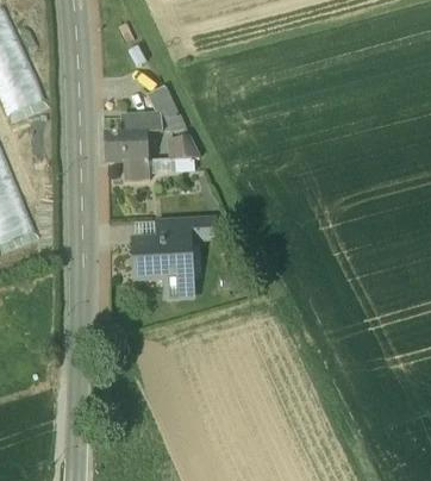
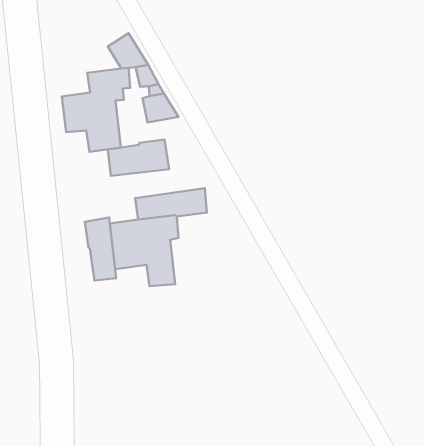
building: none -> [108,140,169,176]
building: none -> [85,218,116,281]

